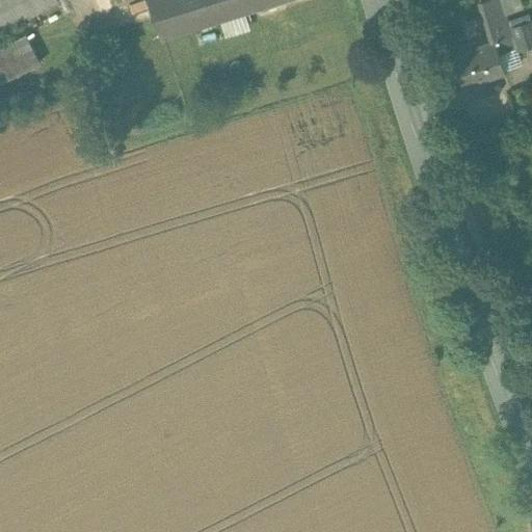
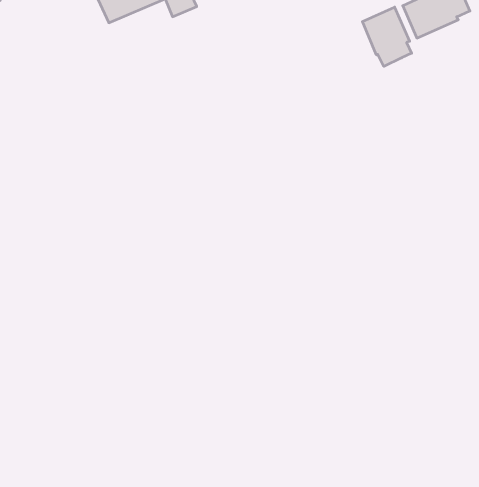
building: none -> [362,7,412,66]

